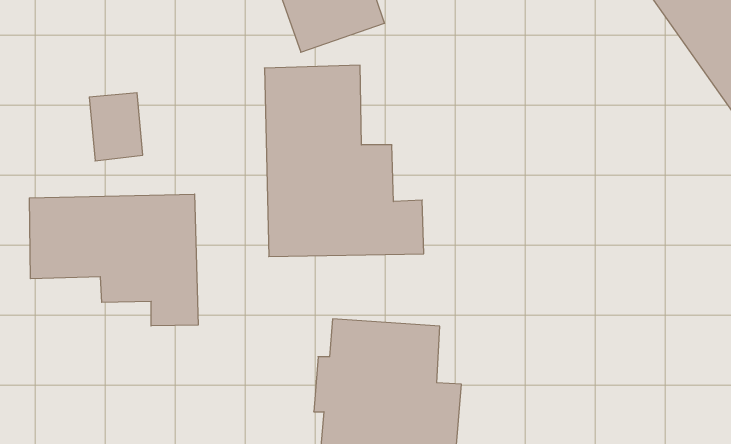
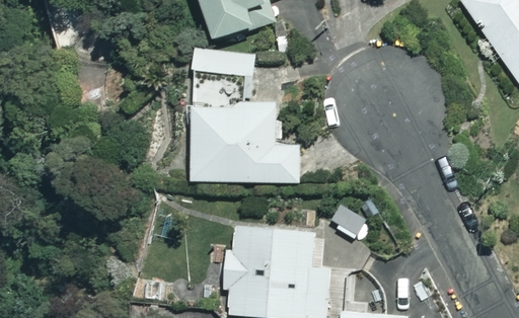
building: [29,194,198,326] -> none

